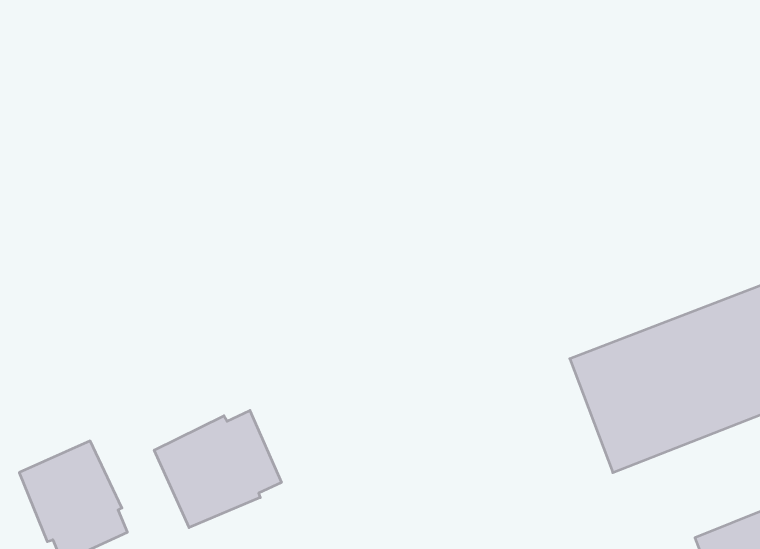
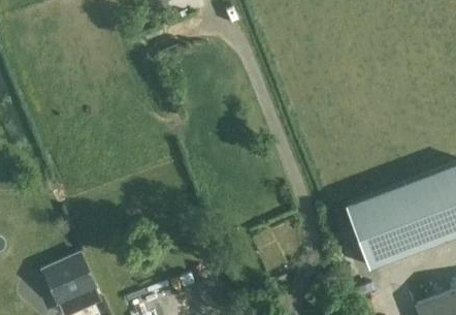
building: [154,410,281,528] -> none

